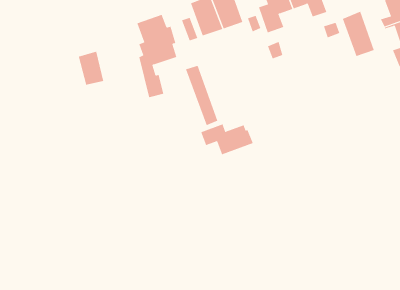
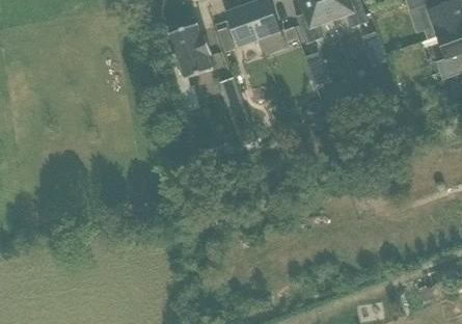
building: [342,11,375,57] -> none
building: [78,51,104,86] -> none
building: [200,124,253,155] -> none

